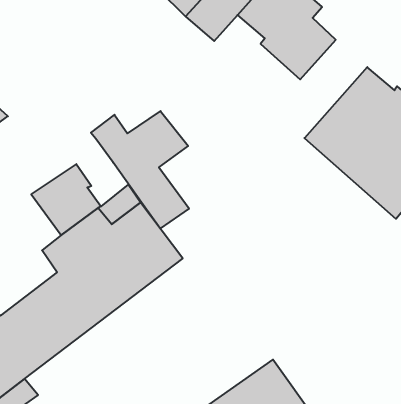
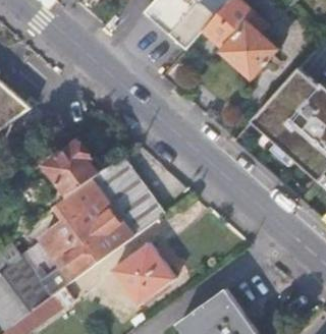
building: [91,111,189,228] -> none
building: none -> [113,243,174,304]

